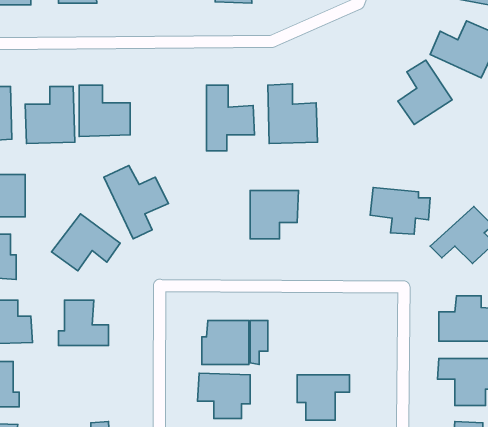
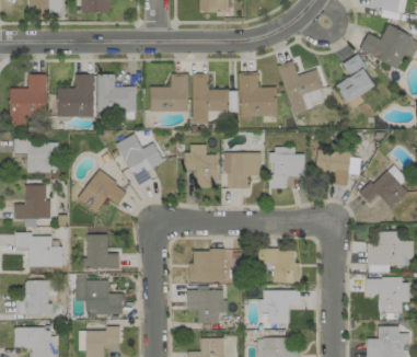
building: none -> [278,61,325,114]
building: none -> [150,73,188,111]
building: none -> [186,145,217,185]
building: none -> [269,148,304,188]
building: none -> [257,249,300,283]
building: none -> [77,274,121,313]

